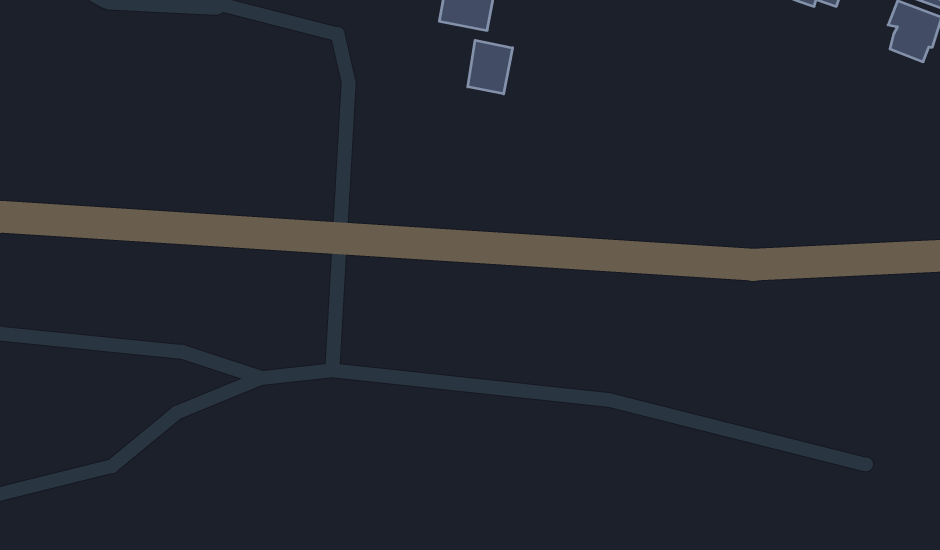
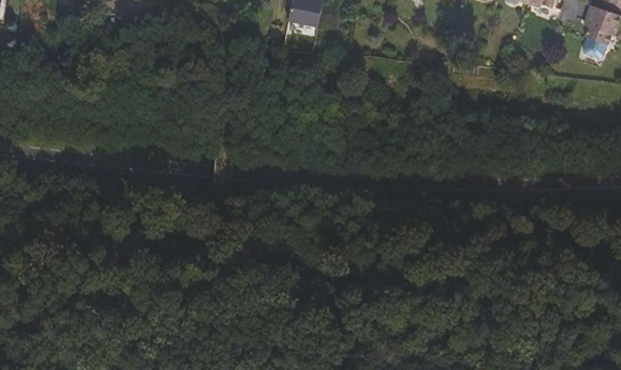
building: [468,40,513,94] -> none

